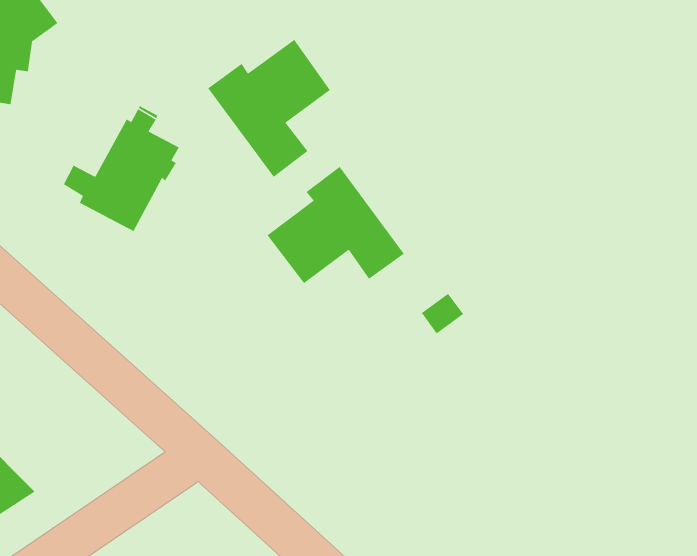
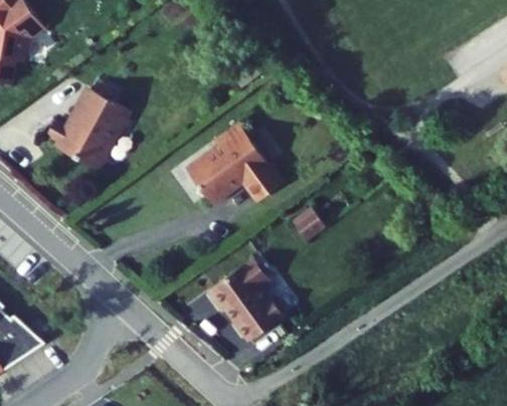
building: [207,39,331,178] -> none
building: none -> [209,259,285,342]

